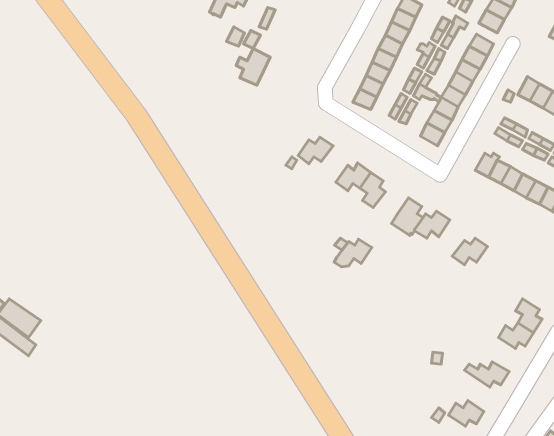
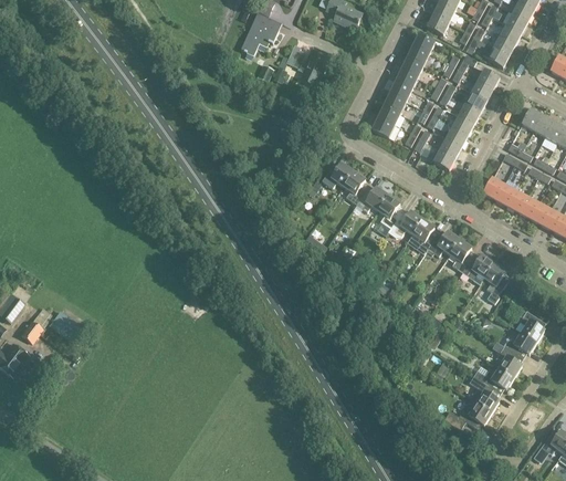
building: [236,49,270,85] -> [297,52,328,85]
building: none -> [343,170,367,203]
building: none -> [450,238,473,271]
building: [334,239,372,267] -> [388,210,422,236]
building: none -> [484,262,510,302]
building: none -> [496,345,522,376]
building: none -> [469,375,499,412]

